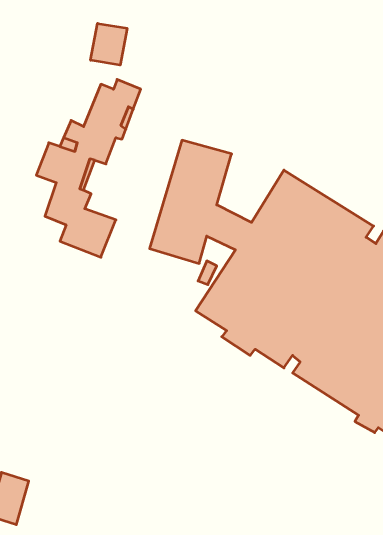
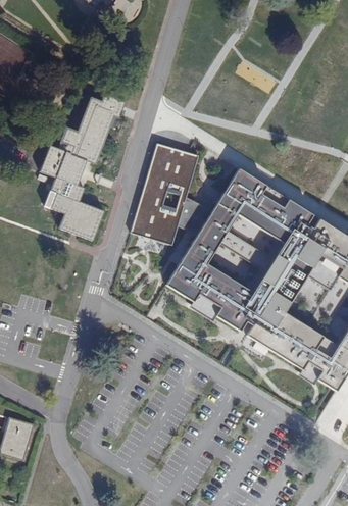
building: [91,23,127,65] -> none

